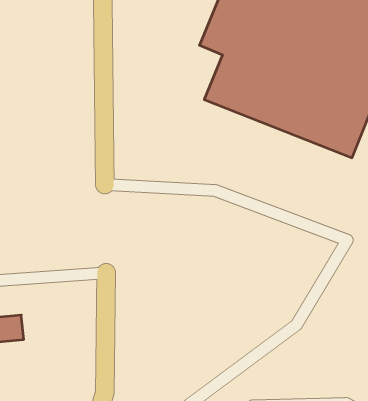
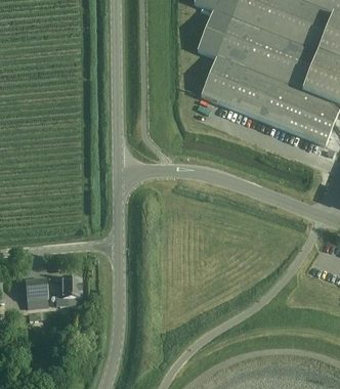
building: none -> [58,277,81,304]

